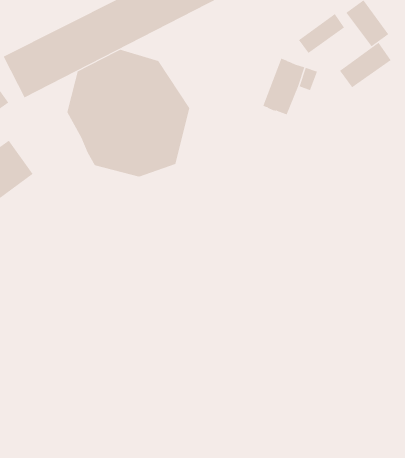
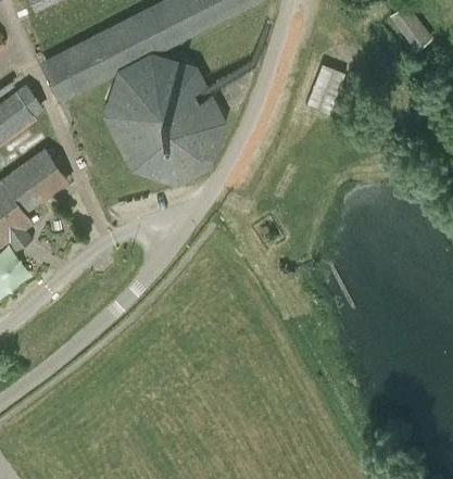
building: [298,13,345,54] -> none
building: [339,42,391,88] -> none

